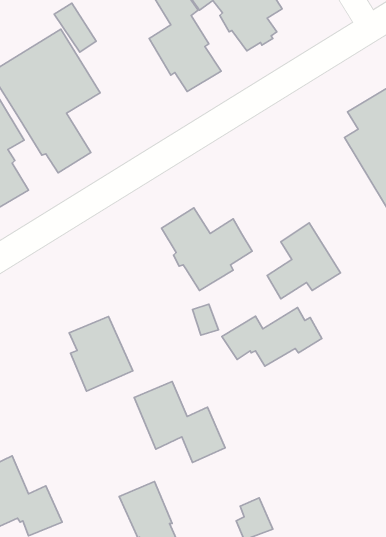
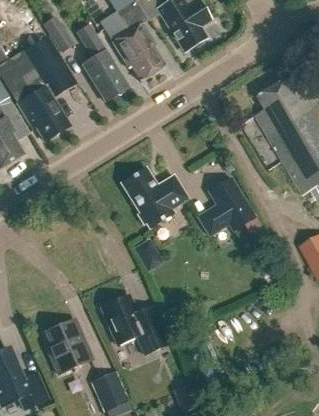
building: none -> [76,23,128,100]
building: [222,308,322,366] -> none
building: [69,317,133,391] -> [45,318,92,373]

